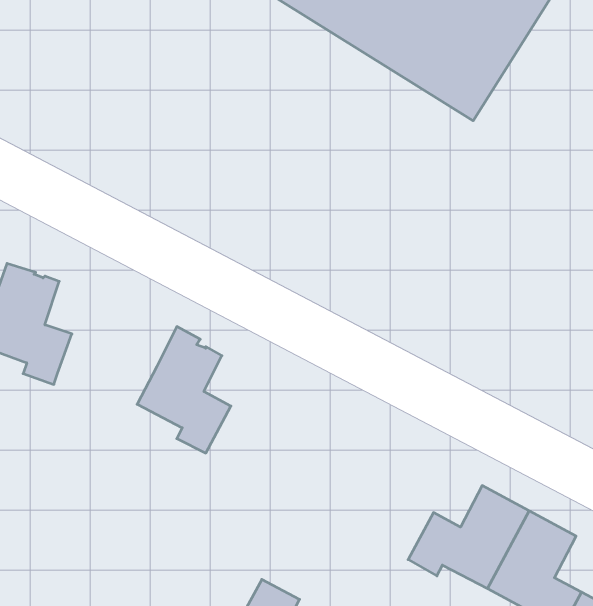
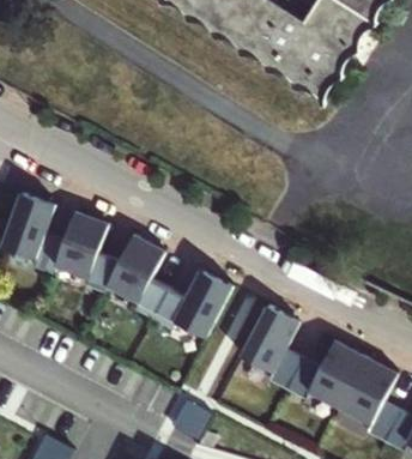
building: none -> [52,211,117,291]
building: none -> [150,268,230,337]
building: none -> [238,304,301,388]

